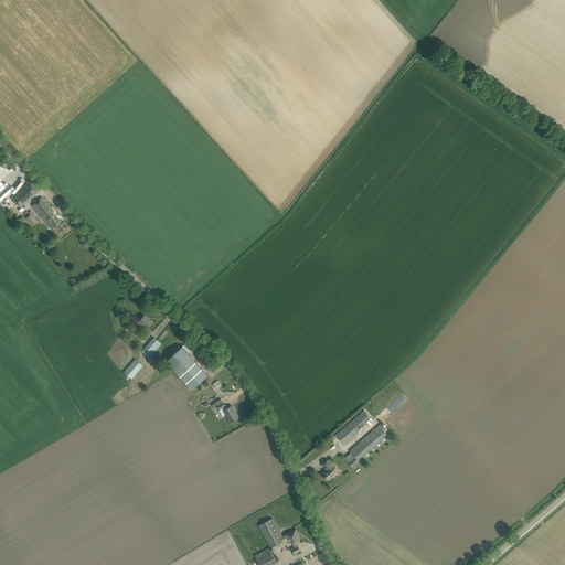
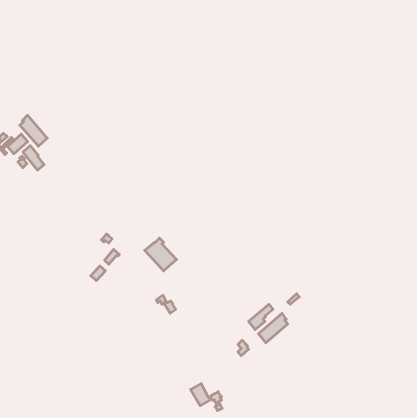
building: none -> [20,115,47,146]
building: [164,345,207,390] -> [145,238,177,271]

